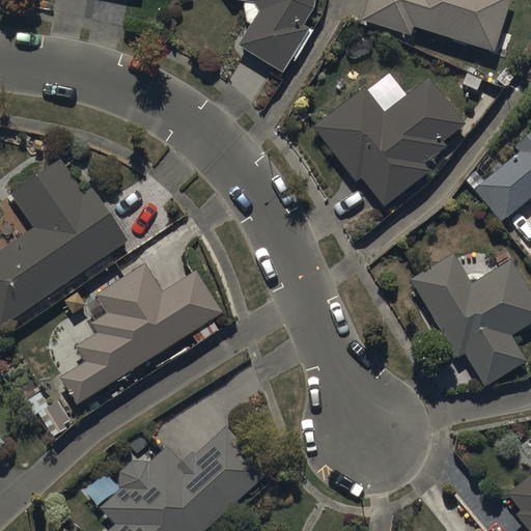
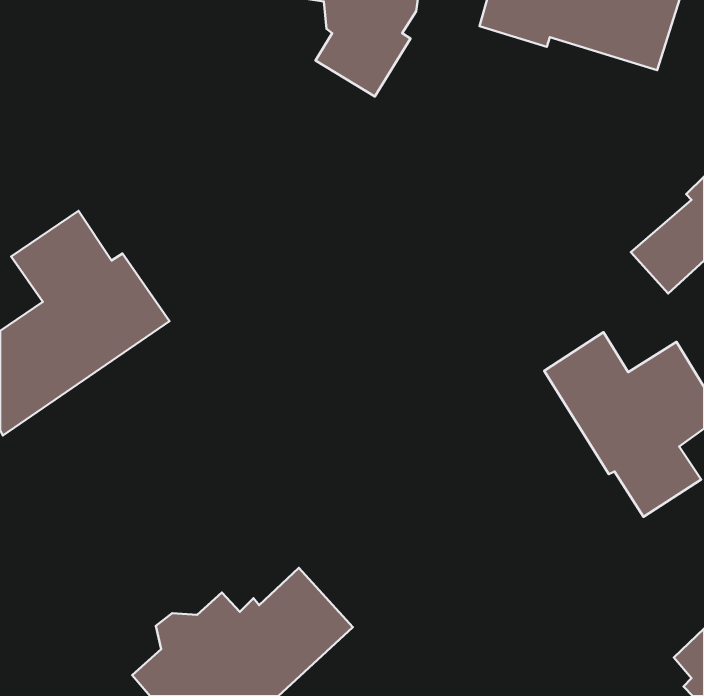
building: [312,77,467,207] -> none
building: [58,262,220,406] -> none

